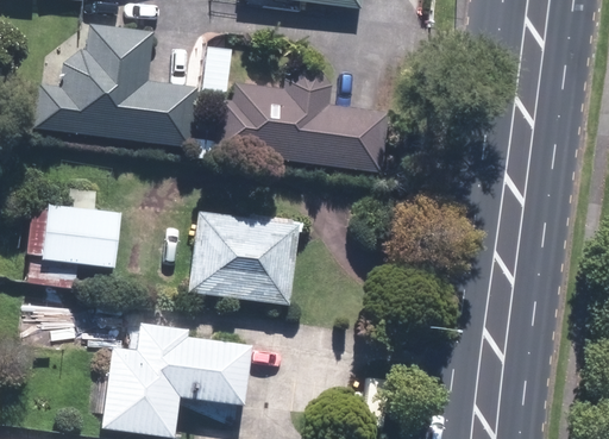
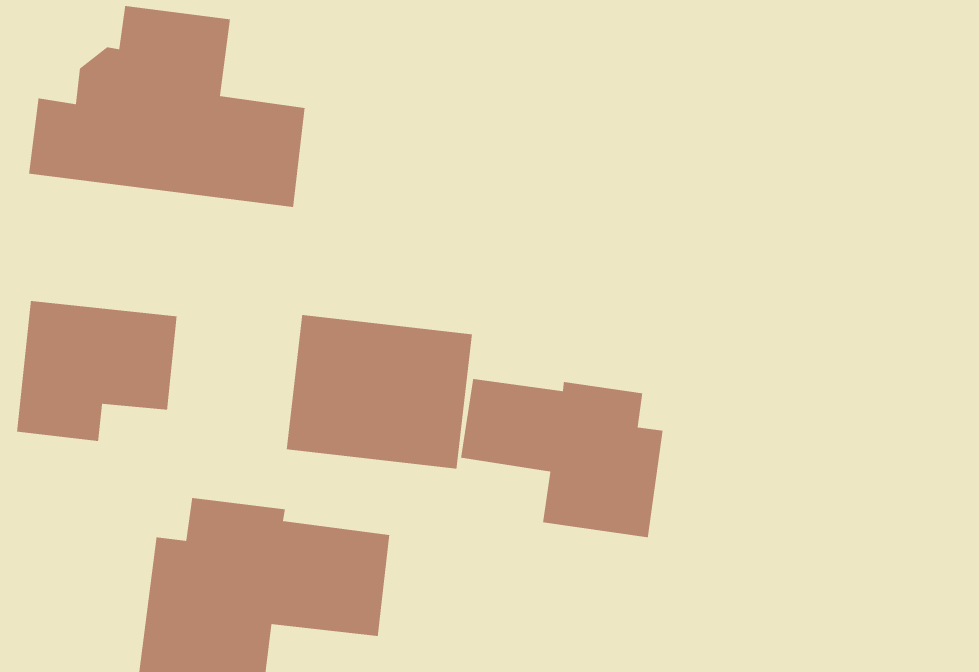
building: [213,67,388,171] -> none
building: none -> [460,378,664,538]

